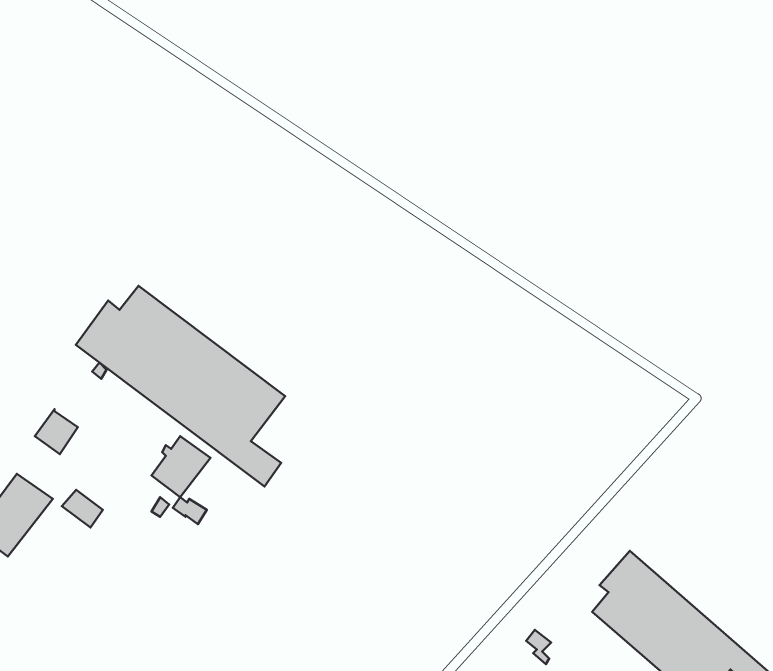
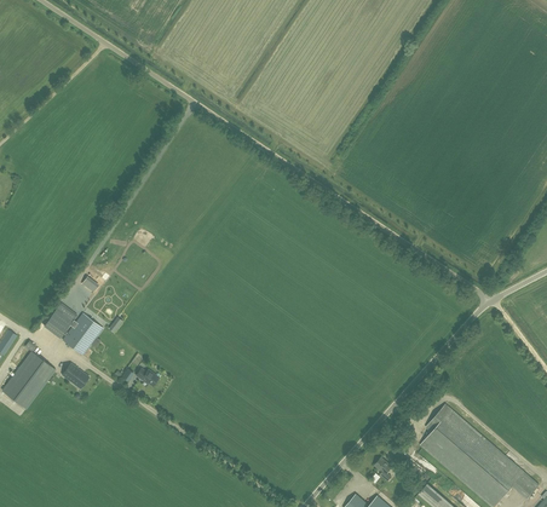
building: [76,286,285,486] -> none
building: [151,436,211,497] -> [63,312,103,353]

